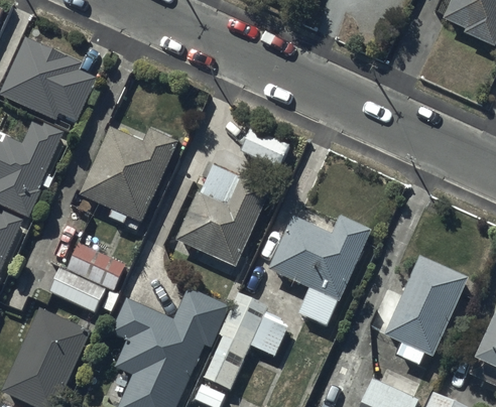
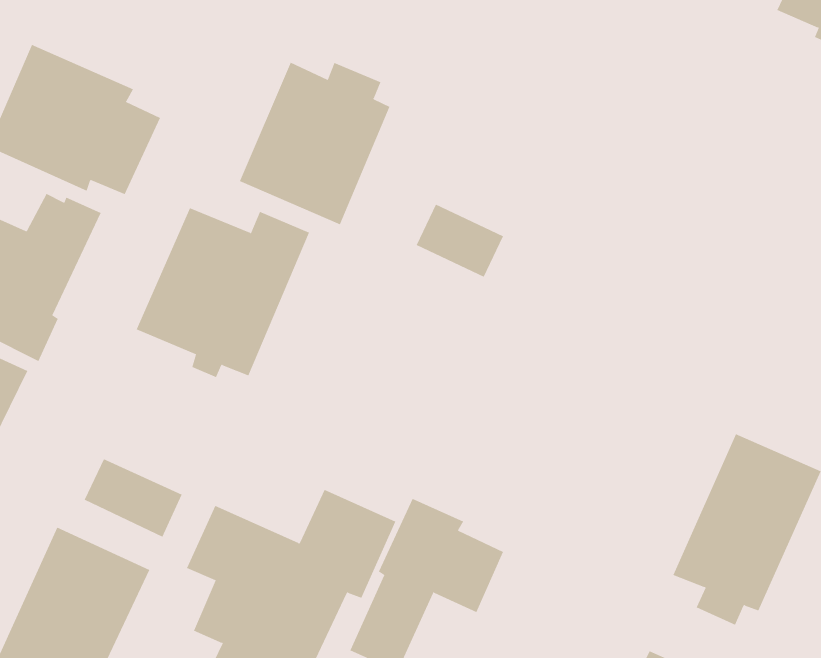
building: none -> [239,62,390,225]
building: [174,166,271,267] -> none
building: [269,214,371,324] -> none
building: [69,244,129,292] -> none

